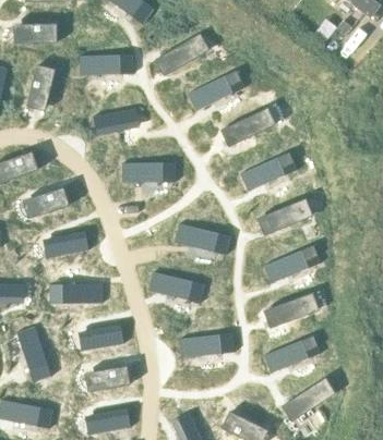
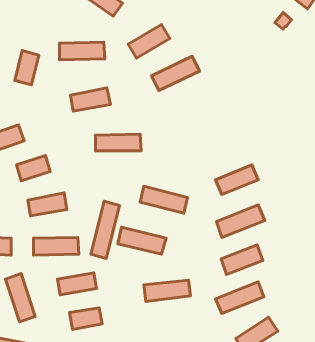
building: [20,24,56,44] -> none
building: [225,108,275,145] -> none
building: [239,152,296,192] -> none
building: none -> [91,201,120,258]

